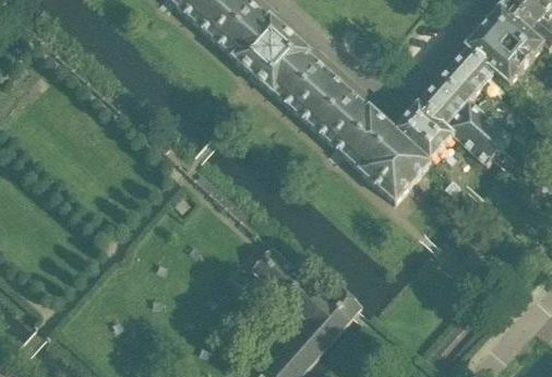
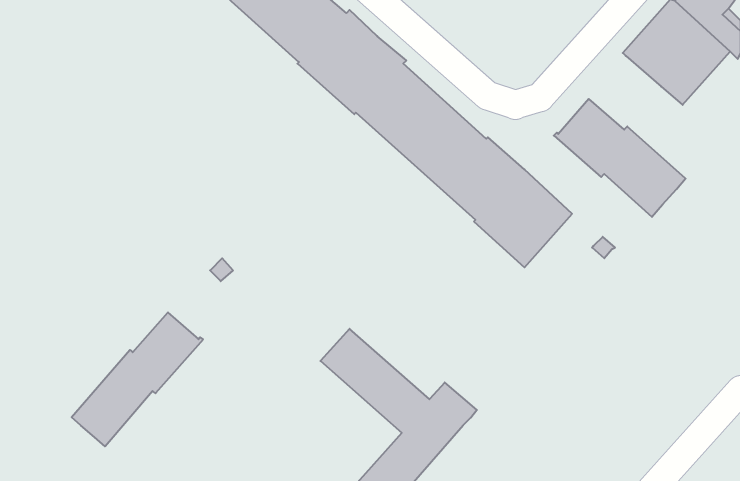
building: [442,51,493,104] -> none
building: [396,106,451,164] -> none
building: none -> [72,312,203,446]

